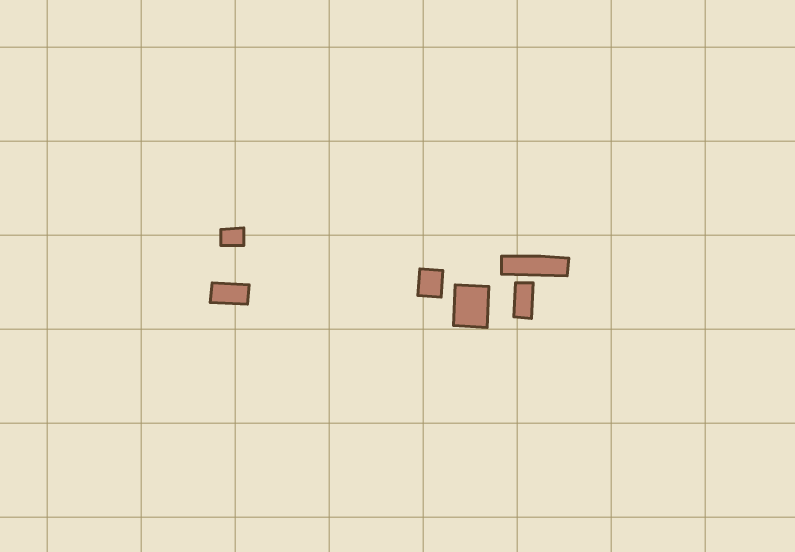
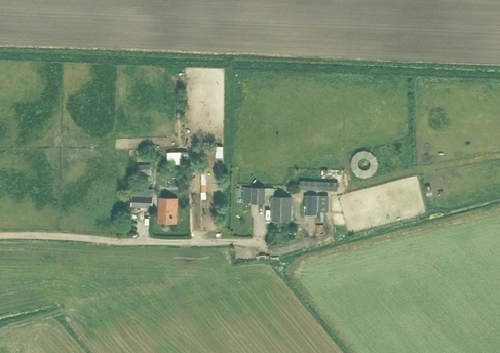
building: none -> [157,197,177,223]

